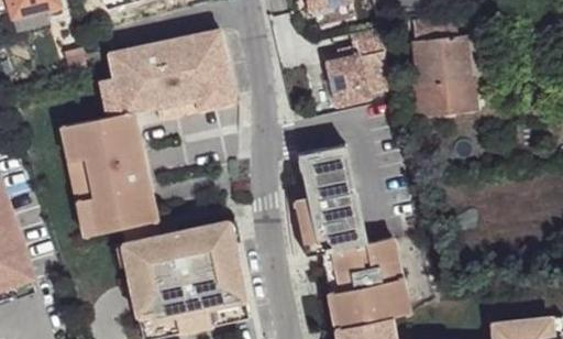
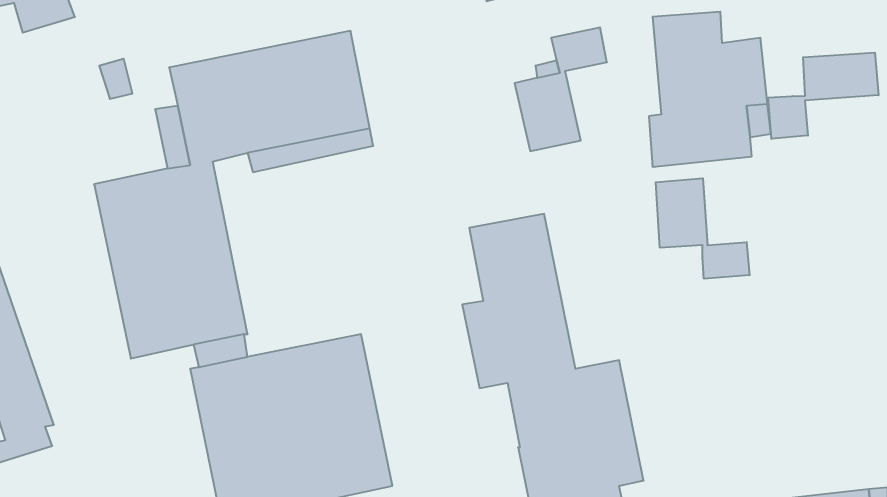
building: none -> [768,53,879,139]
building: none -> [656,178,750,279]

